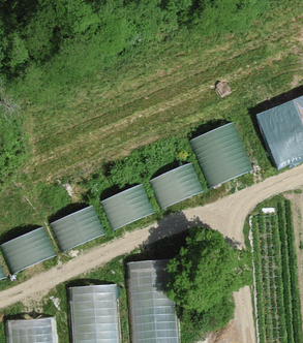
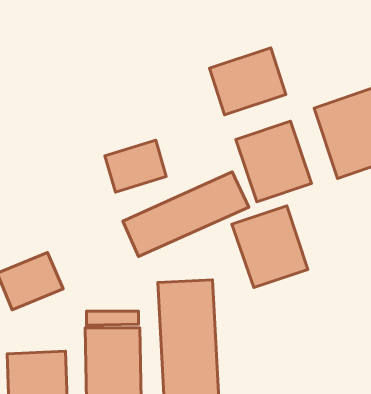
building: none -> [210,48,286,115]
building: none -> [232,206,308,288]
building: [53,208,101,249] -> [105,140,166,192]

